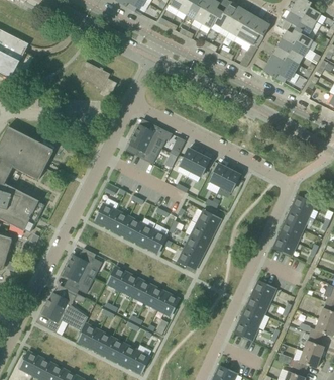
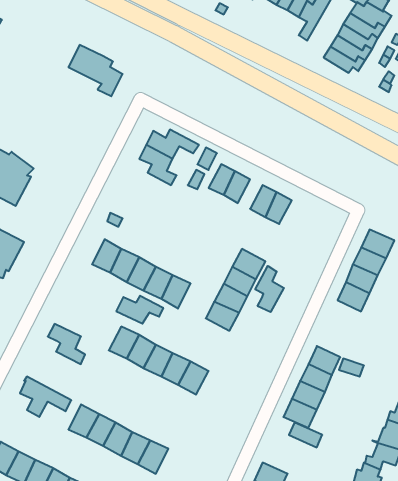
building: none -> [255,266,284,312]
building: [68,254,102,274] -> [116,296,163,324]
building: [47,292,83,320] -> none

